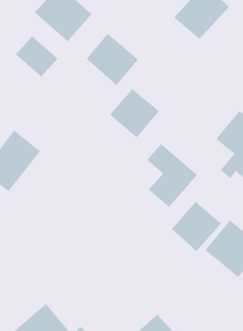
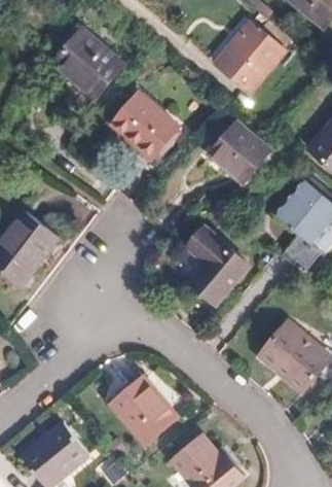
building: [15,35,58,77] -> none
building: [109,88,160,138] -> [206,126,267,186]
building: [171,201,222,252] -> none
building: none -> [110,375,175,441]

